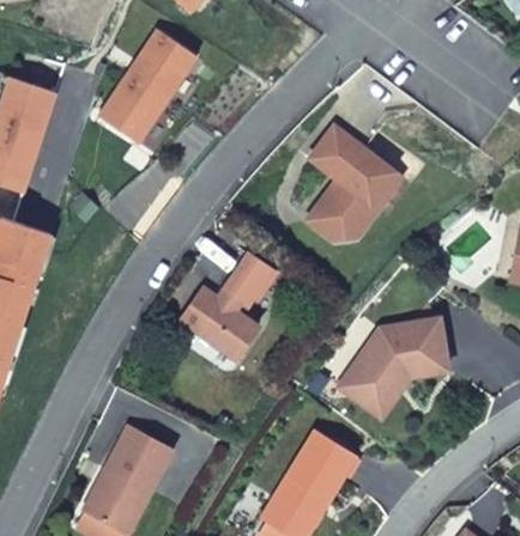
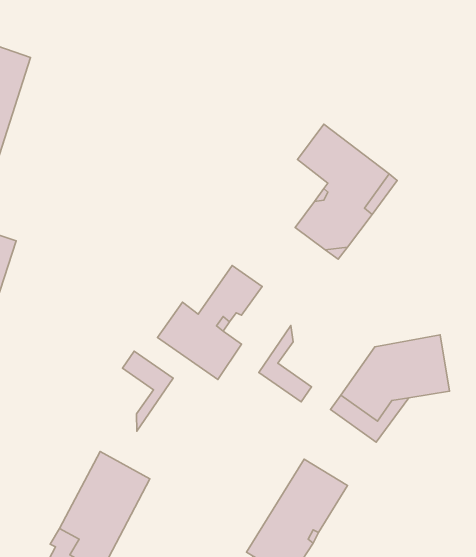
building: [98,28,198,141] -> none
building: none -> [259,325,312,402]
building: none -> [123,351,173,431]

